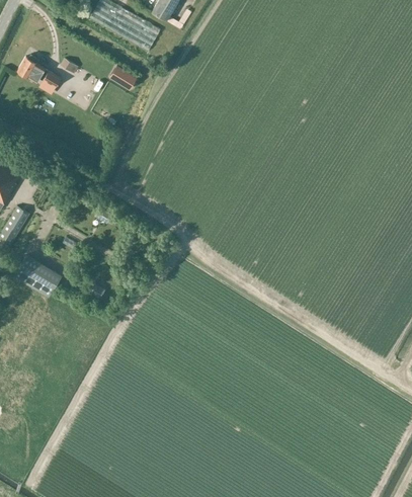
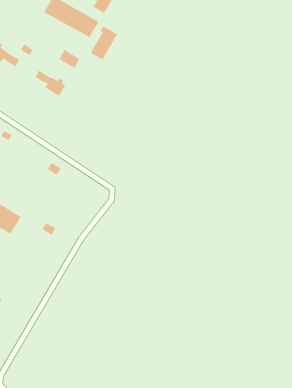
building: none -> [90,26,118,60]
building: none -> [35,70,66,97]

